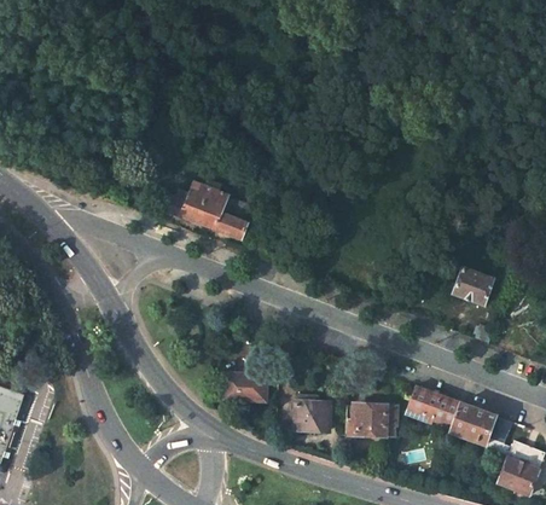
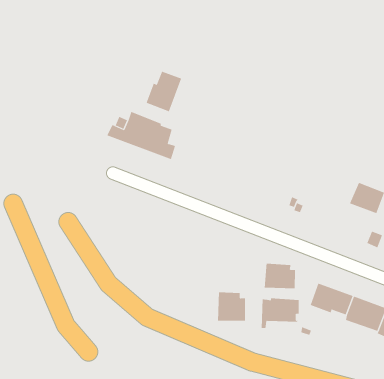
building: none -> [146,71,182,112]
building: none -> [264,263,296,289]
building: [225,373,267,401] -> none

